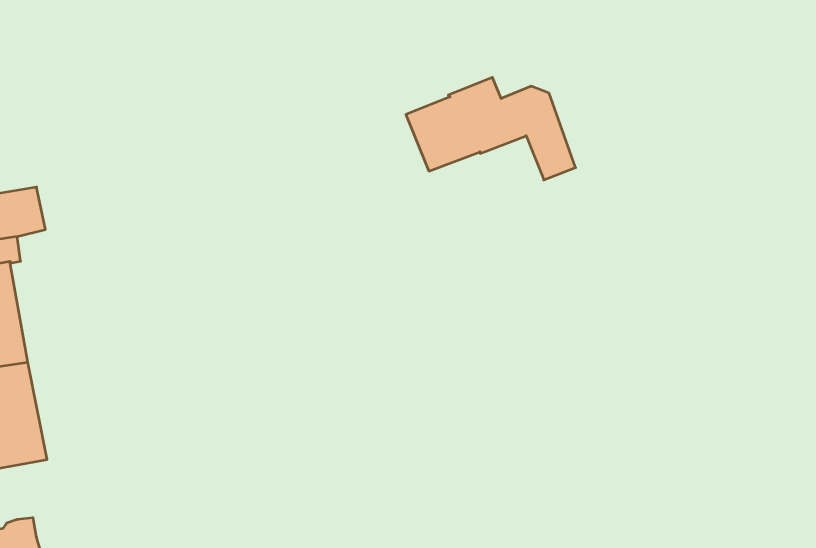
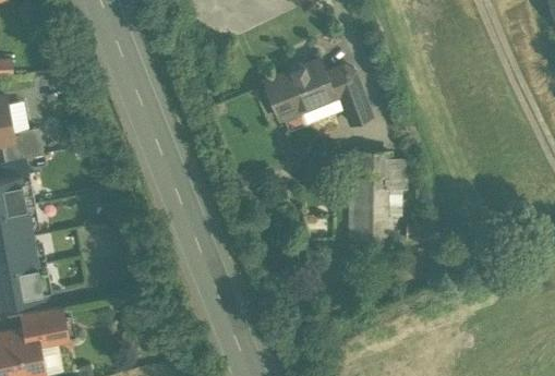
building: none -> [355,166,387,244]
building: none -> [22,308,74,345]

